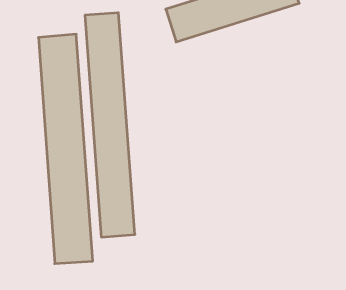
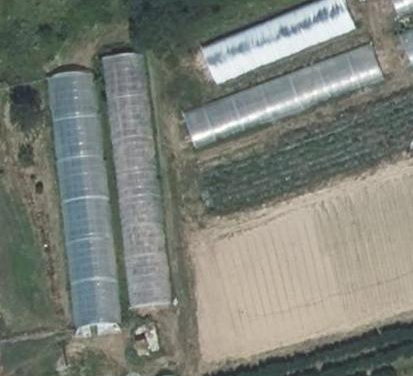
building: none -> [182,47,383,141]

